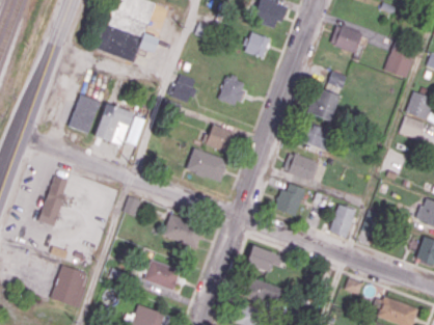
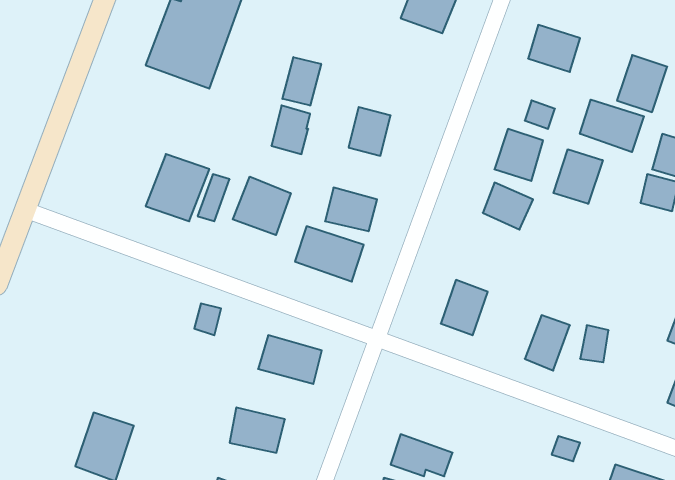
building: [243,31,270,58] -> none
building: none -> [282,57,321,106]
building: none -> [580,100,644,152]
building: [69,93,100,132] -> none
building: none -> [553,149,603,204]
building: none -> [233,177,291,235]
building: [283,153,319,181] -> none
building: [37,175,67,226] -> none
building: [245,246,282,271] -> none

